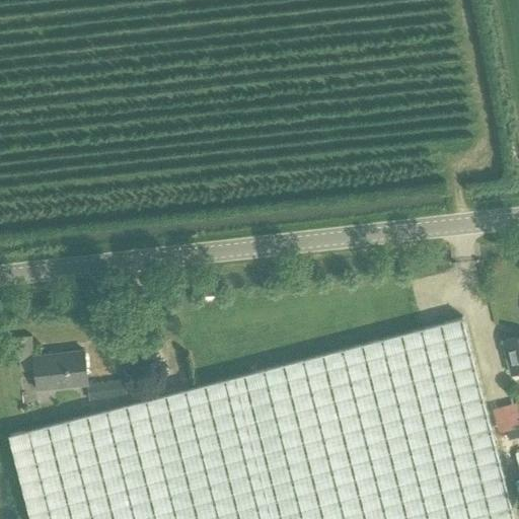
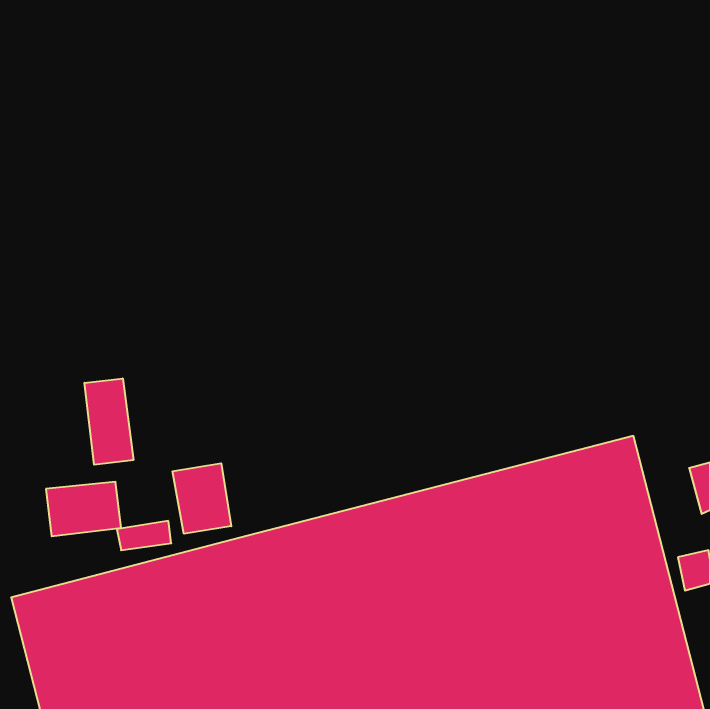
building: none -> [85,378,133,465]
building: none -> [173,463,231,534]

